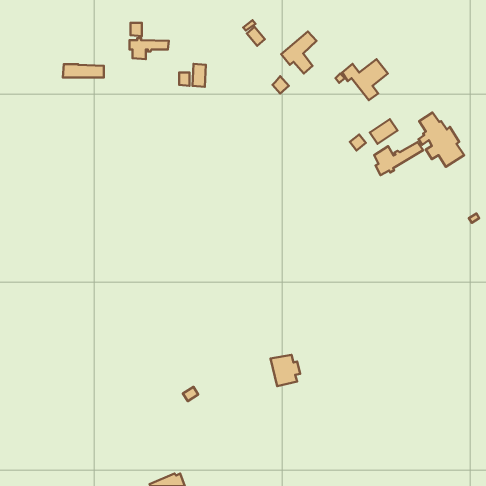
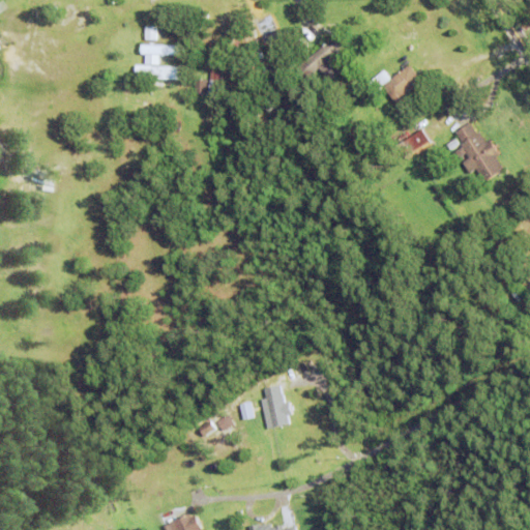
building: [63,64,104,77] -> [134,64,178,79]
building: [374,142,423,175] -> none
building: [271,355,300,386] -> [260,394,292,429]

